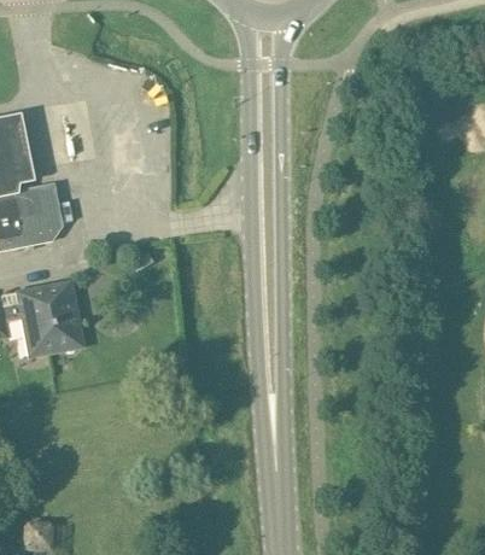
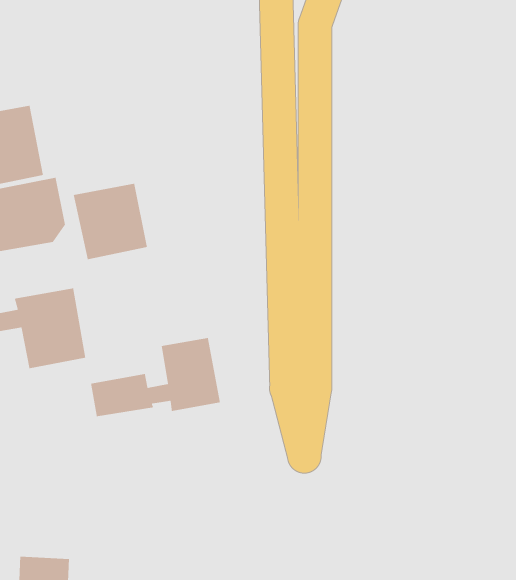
building: none -> [73,183,148,260]
building: none -> [90,337,221,417]

